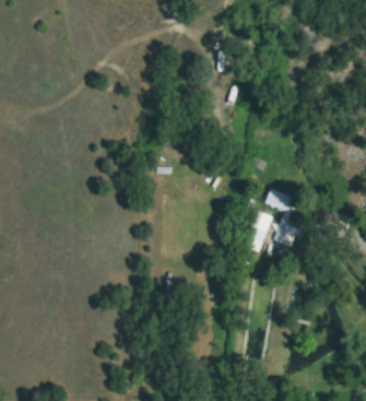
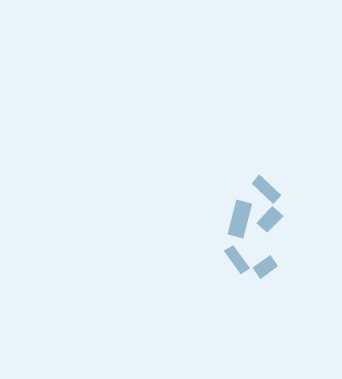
building: none -> [223,244,279,280]

